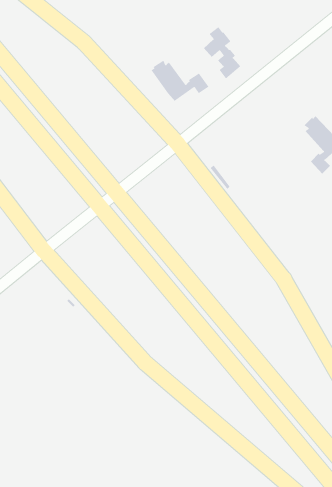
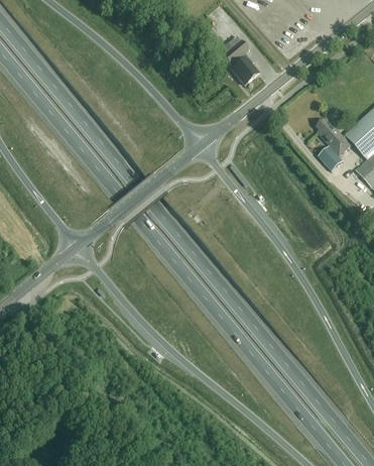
building: [151,60,210,102] -> none

